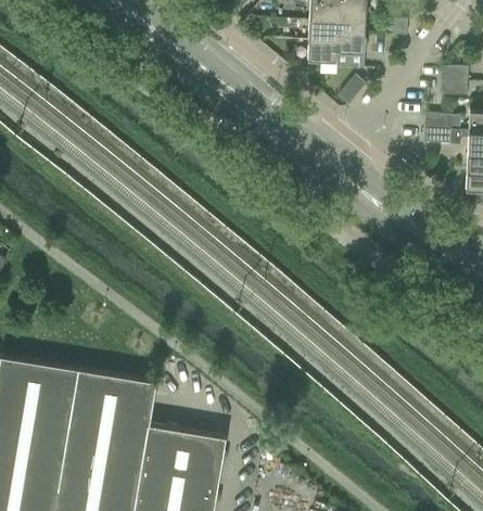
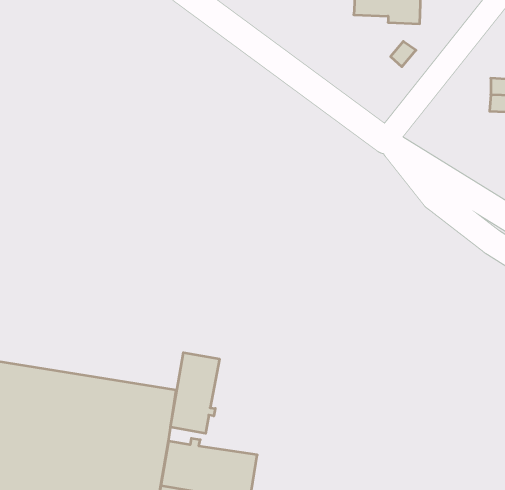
building: none -> [171,353,219,433]

